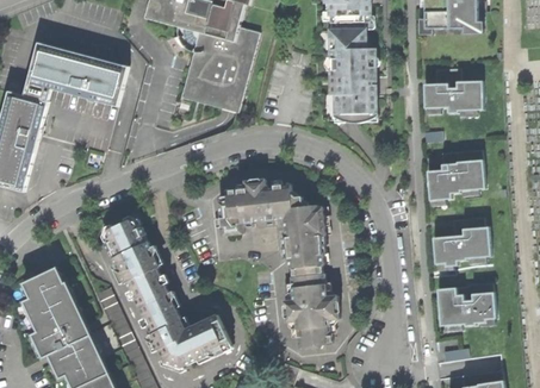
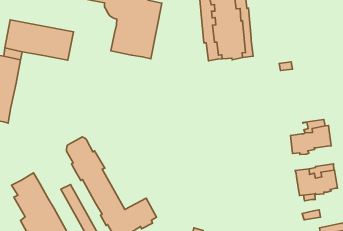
building: [423,68,483,113] -> none
building: [427,149,485,200] -> none
building: [218,179,339,346] -> none

